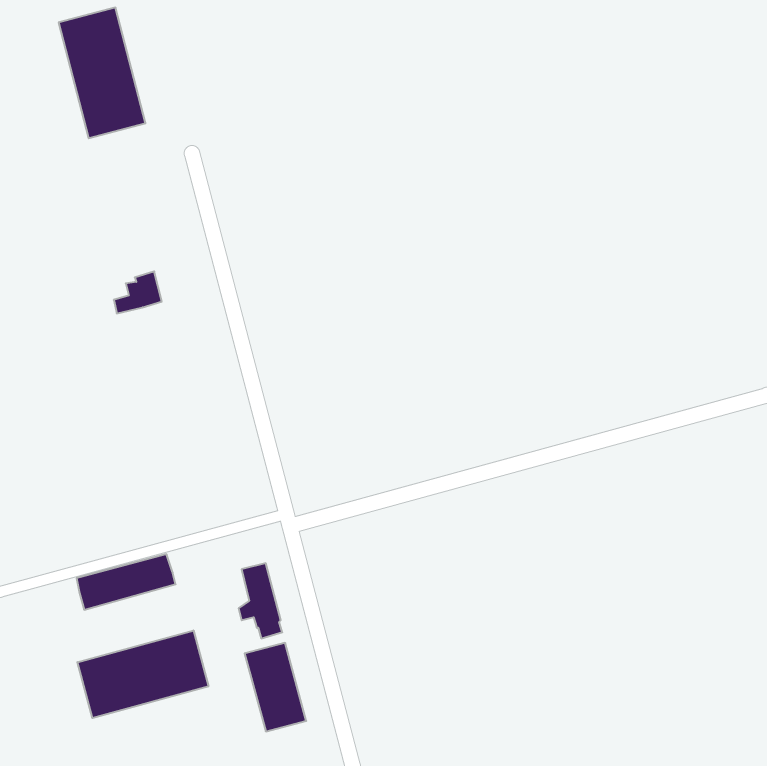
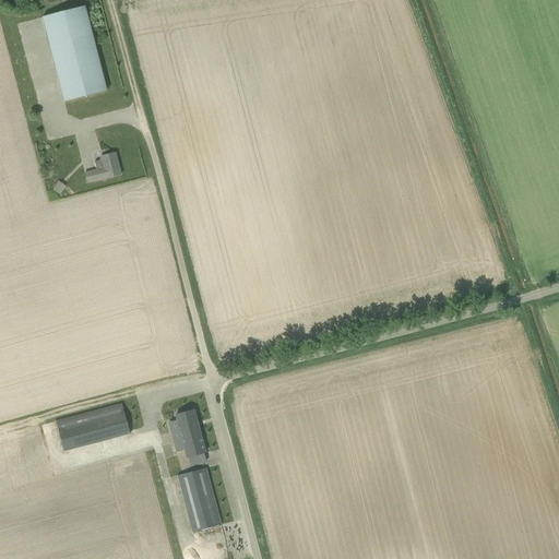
building: [114,271,162,313] -> [85,152,120,182]
building: [77,630,208,718] -> none

